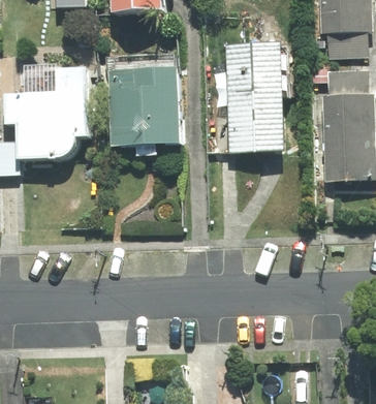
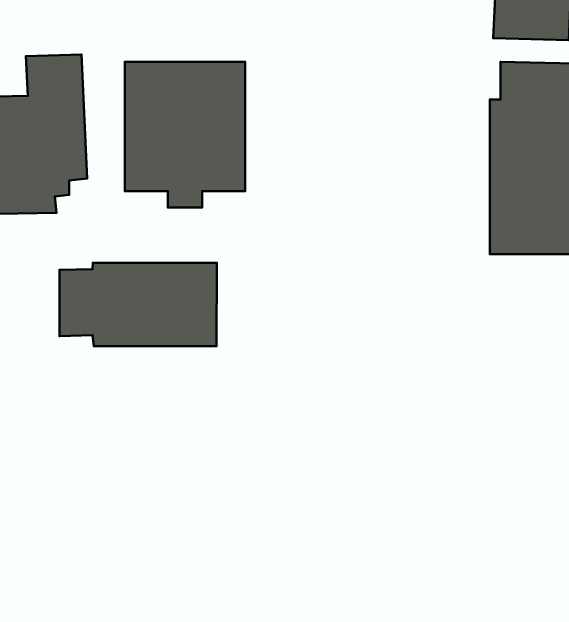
building: [224,43,284,154] -> none
building: none -> [59,263,217,346]

